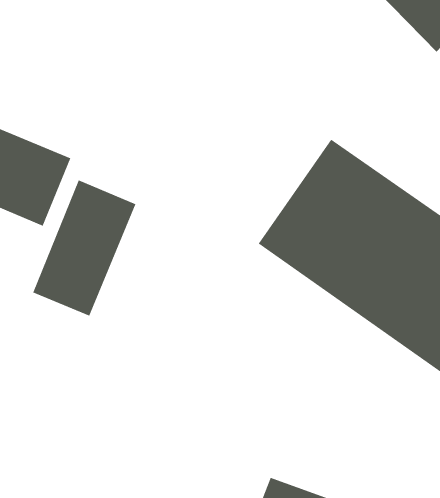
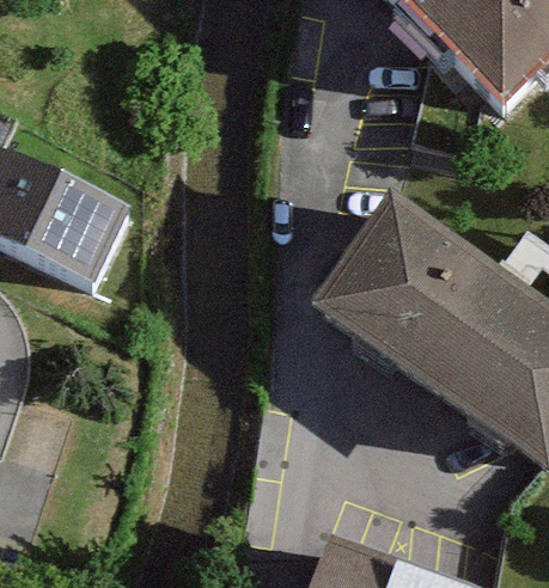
building: [32,180,136,316] -> none

